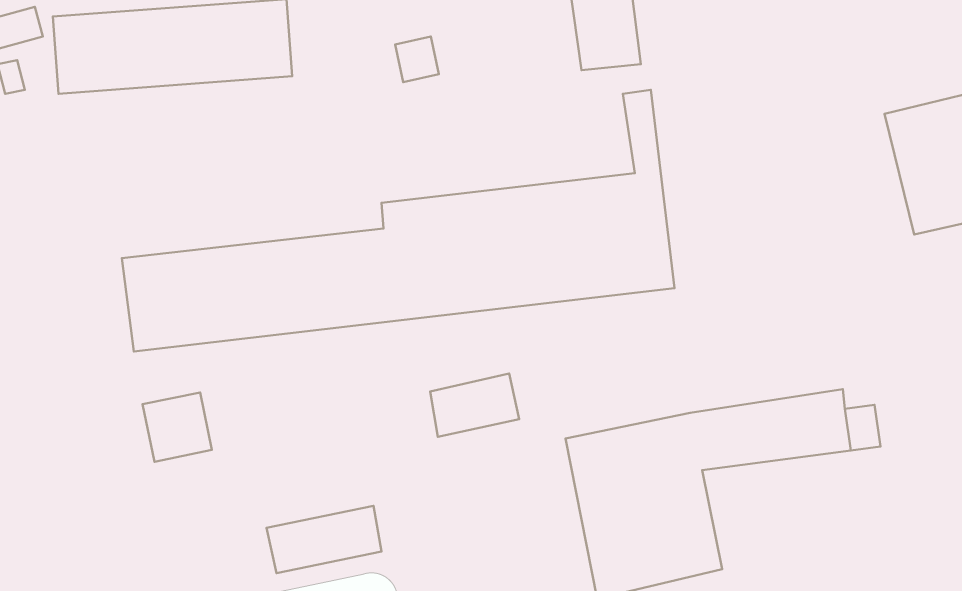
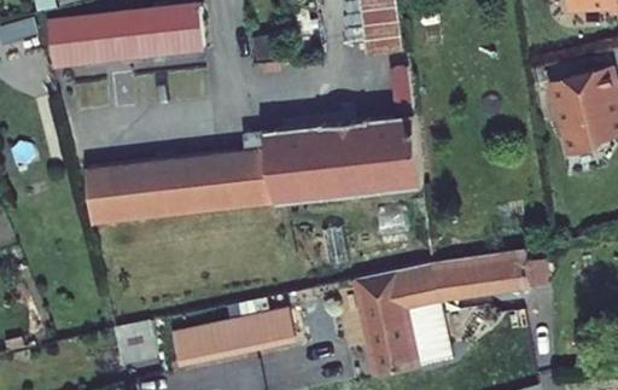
building: [430,374,519,437] -> [238,309,292,348]
building: [143,392,212,462] -> [113,321,156,363]

